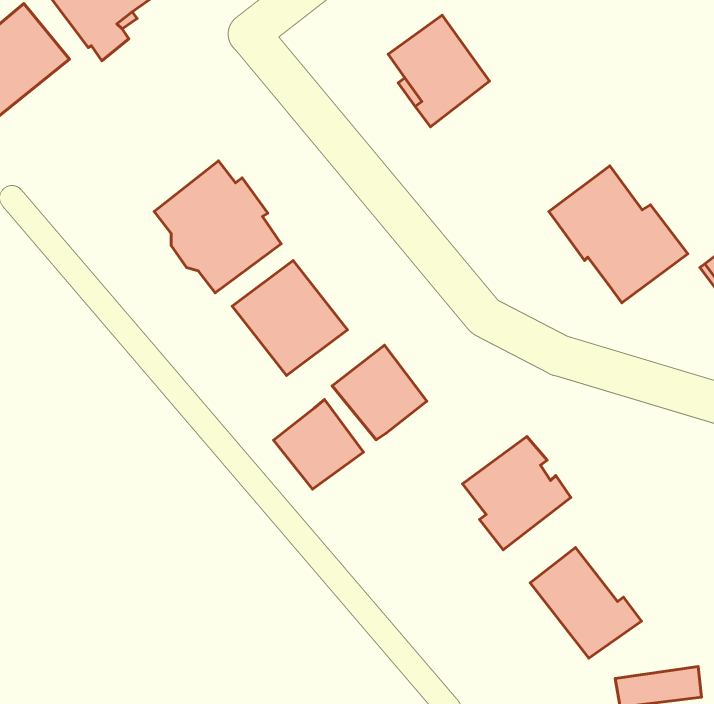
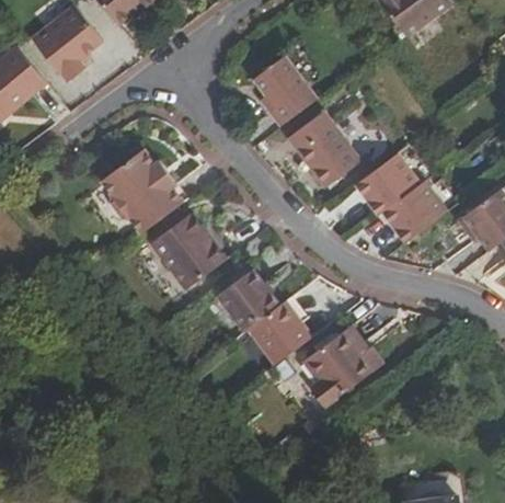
building: none -> [289,111,361,186]
building: [274,400,363,489] -> [252,299,310,357]
building: [530,548,641,658] -> none

